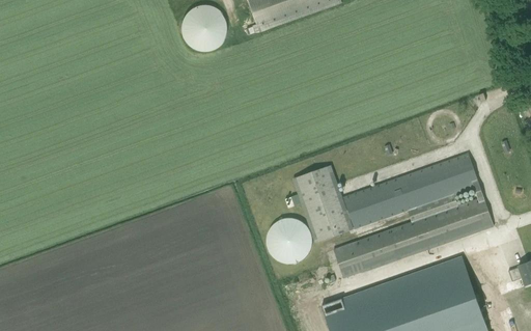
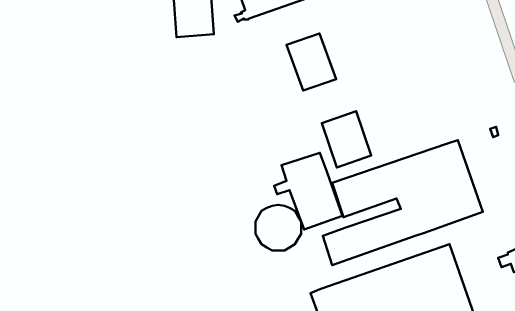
building: none -> [287,33,336,91]
building: none -> [322,111,371,167]

